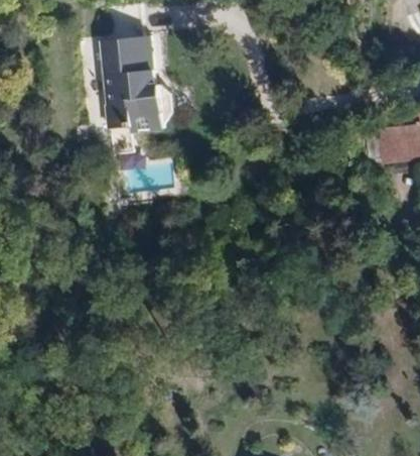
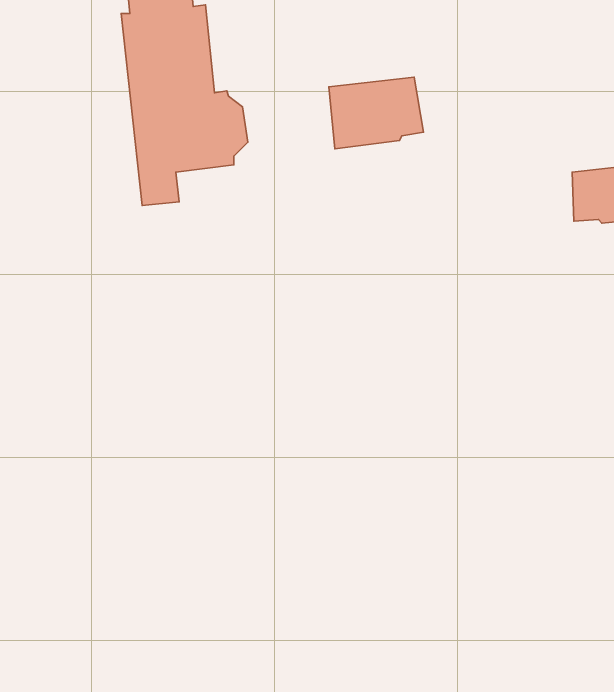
building: none -> [329,77,424,149]

